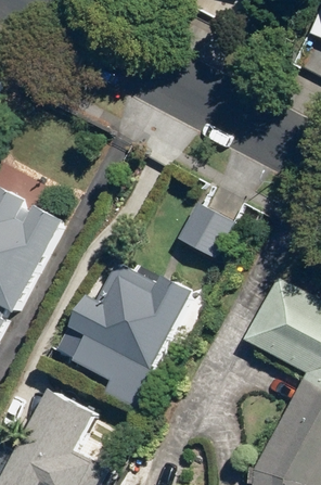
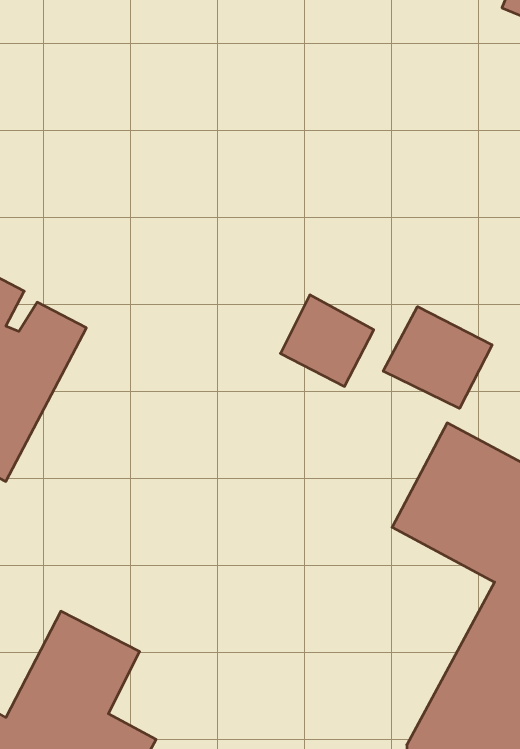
building: none -> [383,307,492,408]
building: [68,260,192,409] -> none

